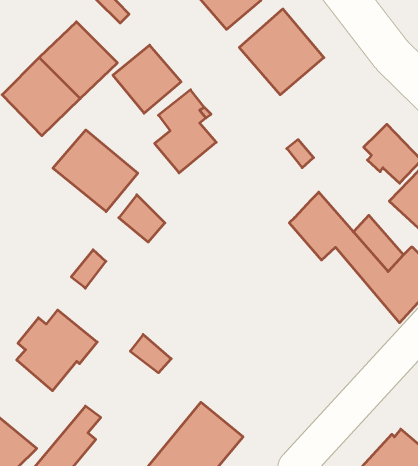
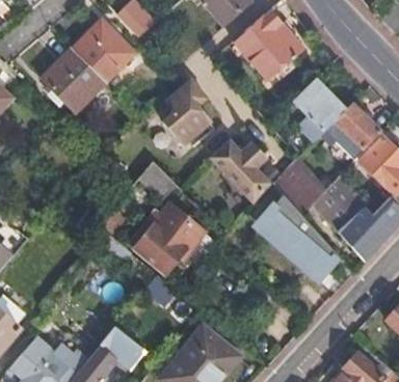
building: [113,45,181,113] -> none
building: none -> [296,80,346,130]
building: [53,130,138,212] -> none
building: none -> [209,140,273,203]
building: none -> [243,199,340,290]
building: [17,310,97,391] -> [137,207,203,272]

